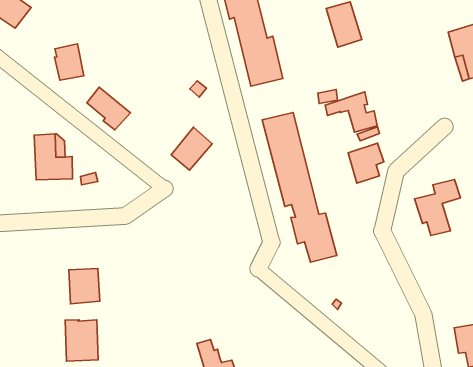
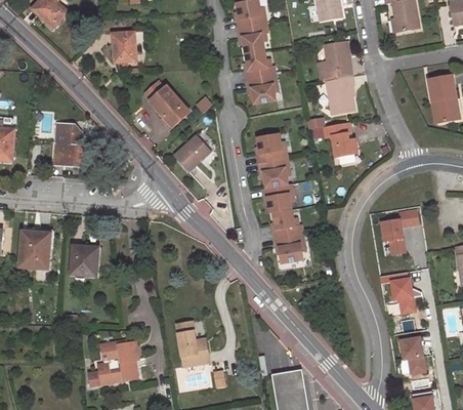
building: none -> [326,76,353,114]
building: [55,44,84,80] -> [112,32,135,61]
building: [87,87,131,130] -> [153,85,190,124]
building: [348,143,384,183] -> none
building: none -> [391,277,416,314]
building: [65,320,98,361] -> [18,231,49,269]

